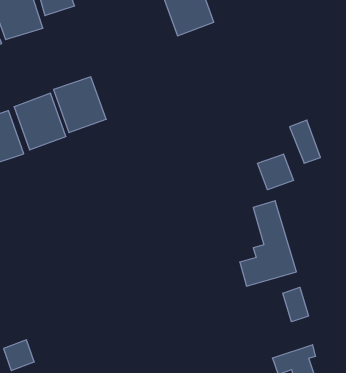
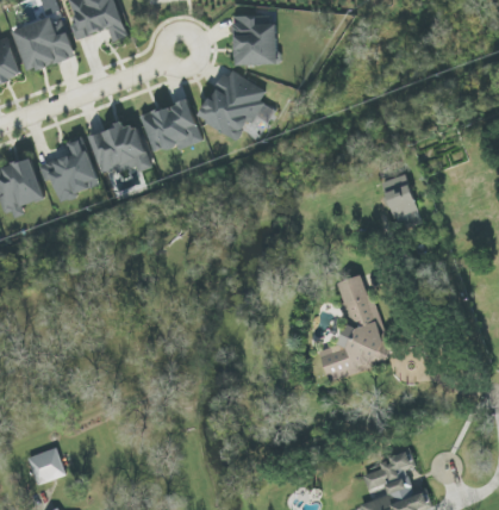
building: none -> [195,67,269,141]
building: none -> [142,102,206,172]
building: [257,154,294,190] -> none
building: [283,287,308,322] -> none

